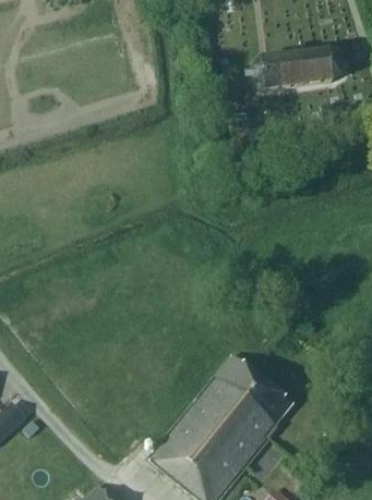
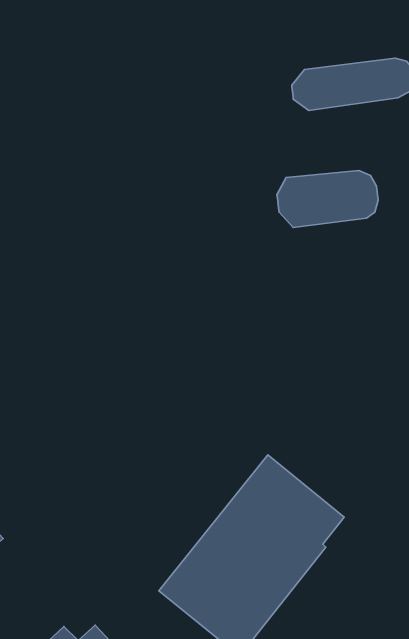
building: none -> [277,170,378,227]

